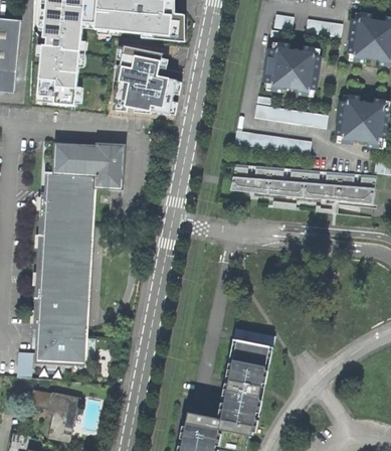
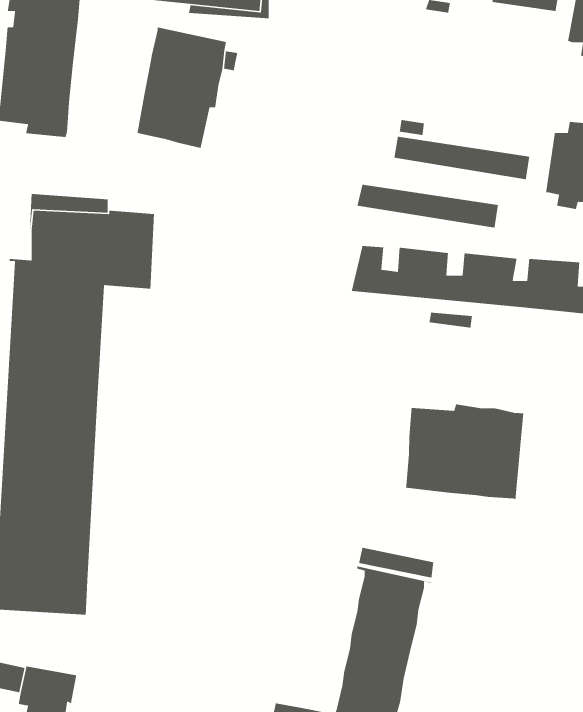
building: [262,44,322,97] -> none
building: [148,77,176,116] -> none
building: none -> [405,404,524,500]

